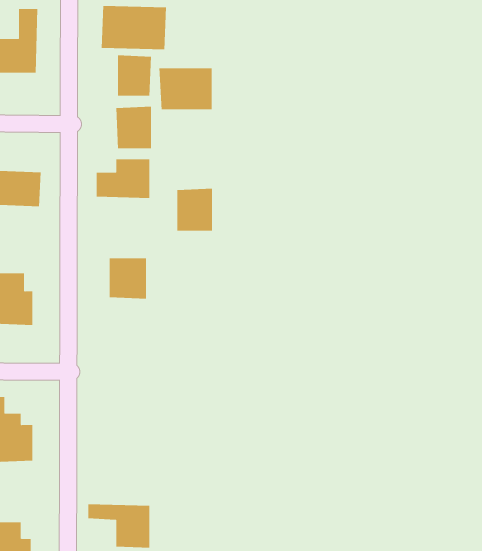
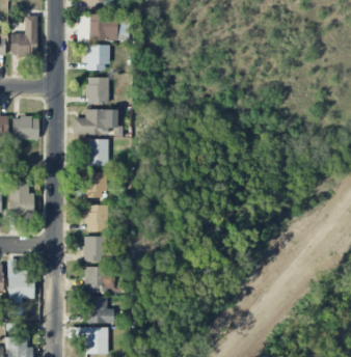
building: [159,67,212,110] -> none
building: [176,188,213,231] -> [86,139,109,166]
building: none -> [86,204,109,231]
building: none -> [84,237,106,263]
building: none -> [85,267,114,292]
building: none -> [86,297,114,324]

